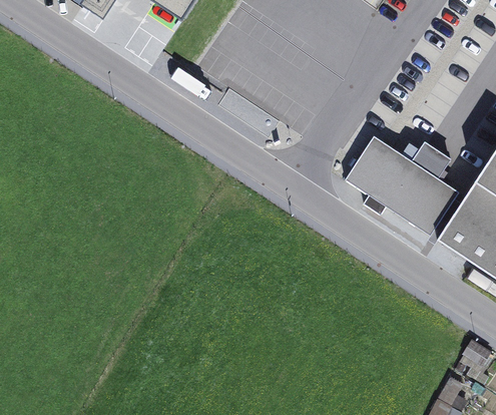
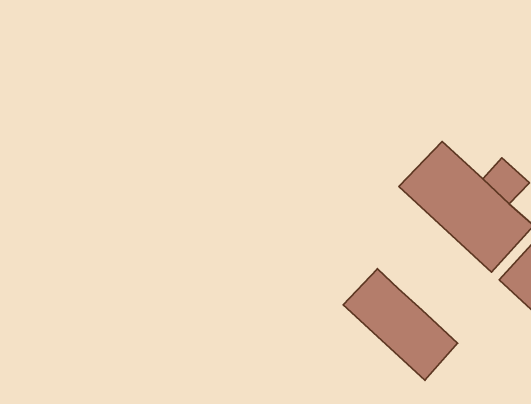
building: none -> [343,269,458,380]

